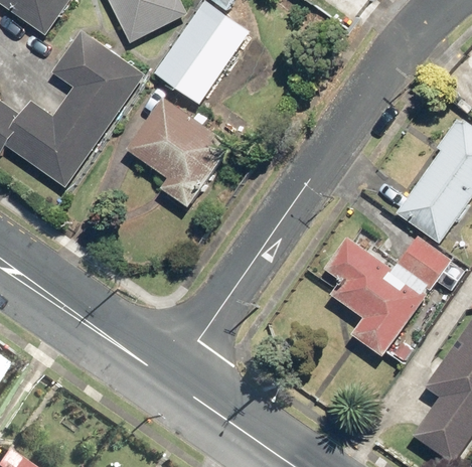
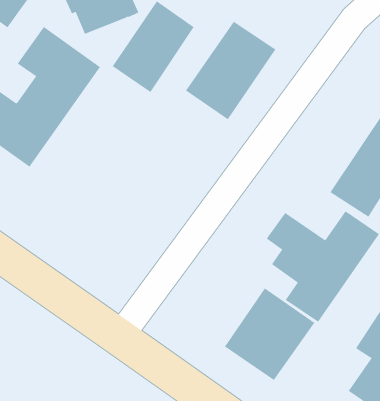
building: none -> [185,21,276,120]
building: [131,102,223,191] -> none
building: none -> [224,288,315,381]

